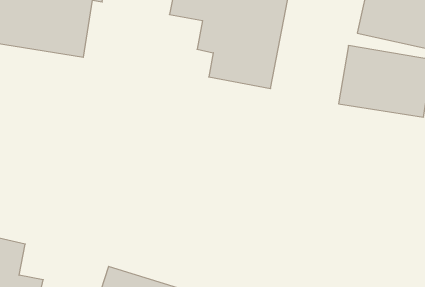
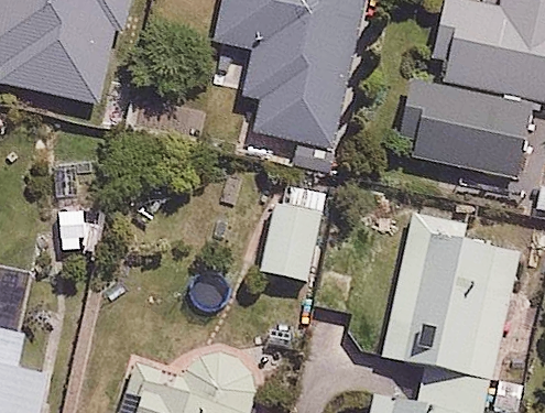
building: none -> [262,187,327,281]
building: none -> [380,208,502,373]

